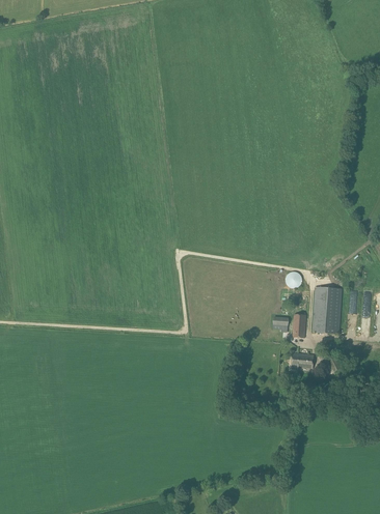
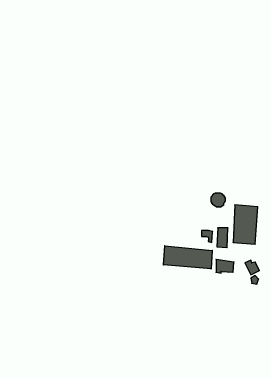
building: none -> [163,246,212,269]

